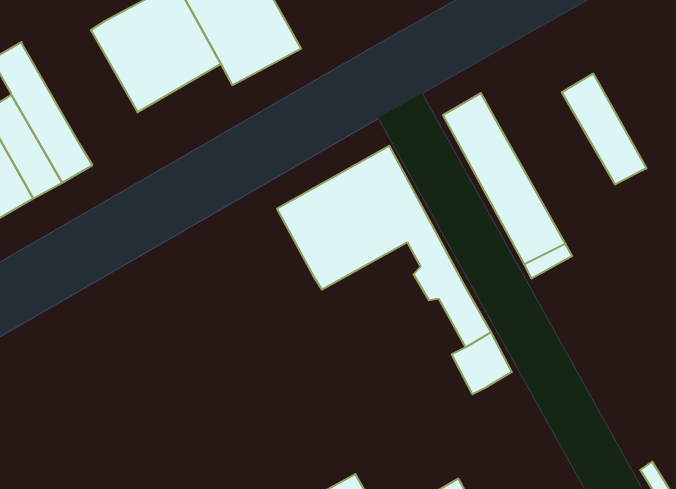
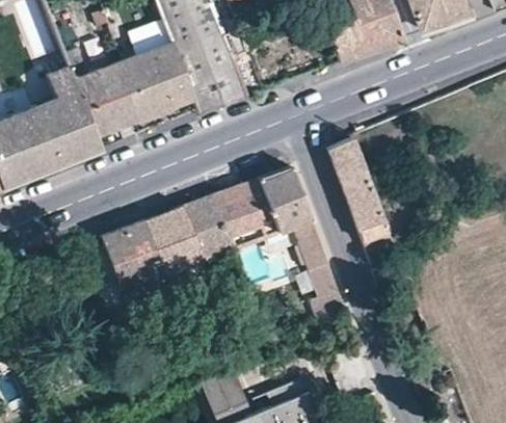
building: none -> [64,50,134,135]
building: [562,74,646,185] -> none
building: none -> [101,194,230,292]

